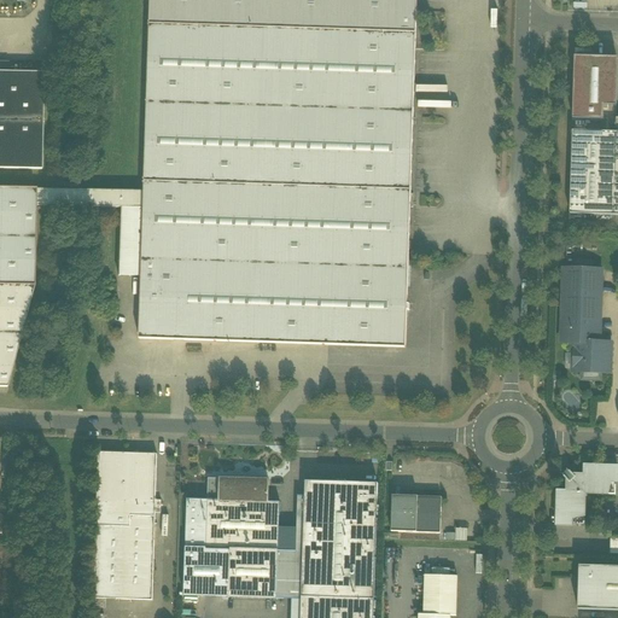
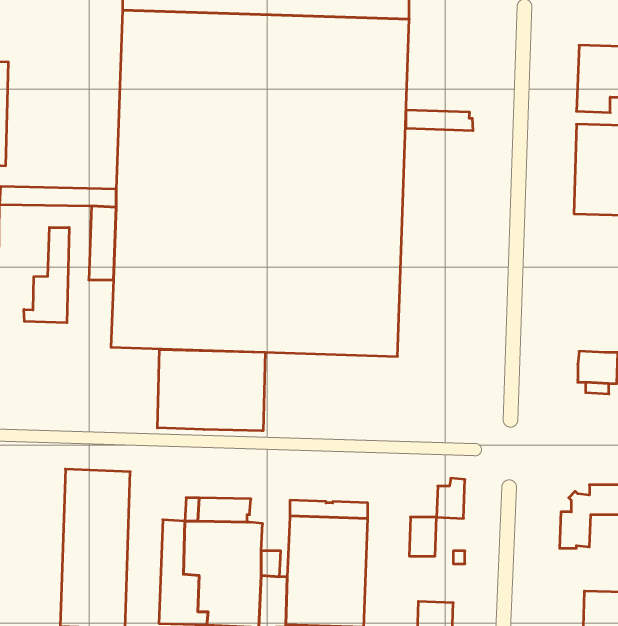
building: none -> [406,110,473,131]
building: none -> [24,227,69,323]
building: [561,267,600,340] -> none
building: none -> [157,349,265,431]
building: [390,492,416,530] -> [436,478,465,518]

